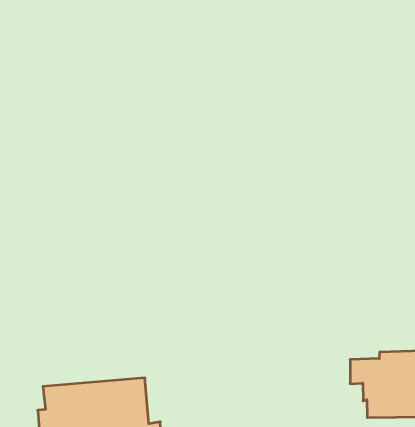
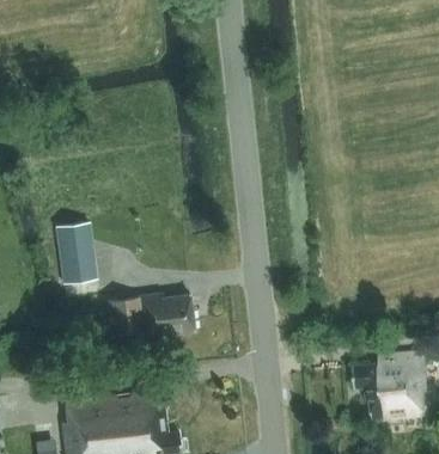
building: none -> [54,222,90,282]
building: none -> [109,294,193,343]

